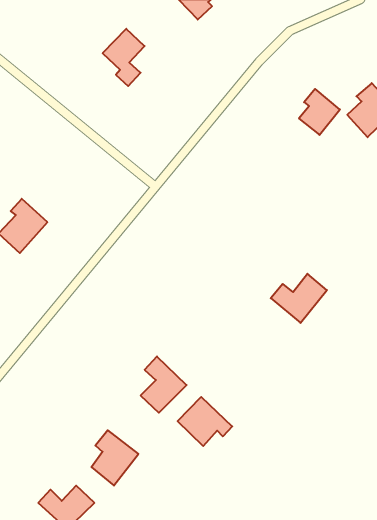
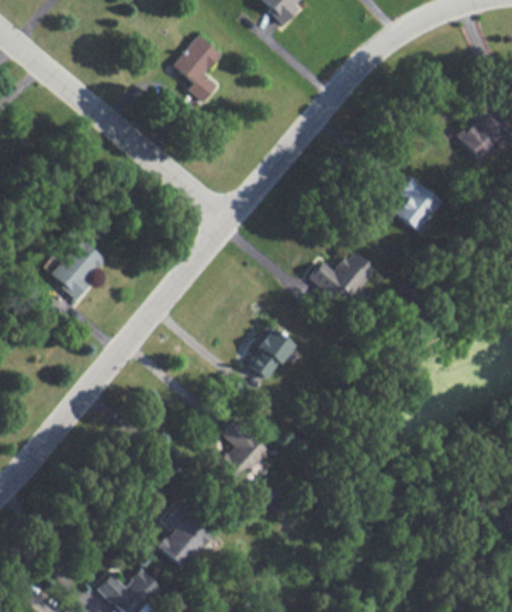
building: [299,89,340,135] -> [392,176,440,230]
building: [271,274,327,323] -> [309,249,374,306]
building: none -> [246,329,293,379]
building: [178,397,232,446] -> none

